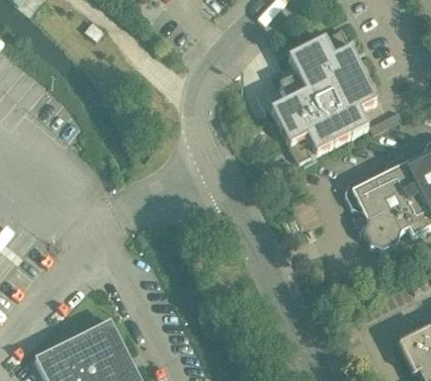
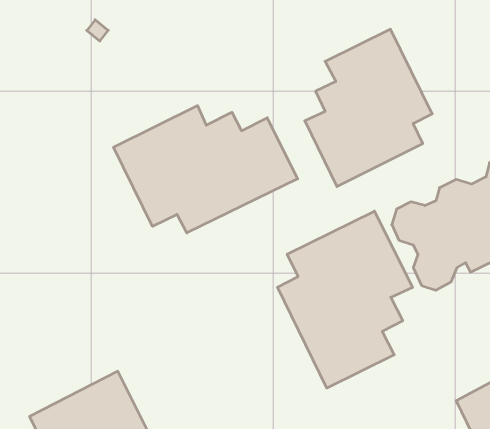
building: none -> [114,106,298,233]
building: none -> [278,211,412,388]

